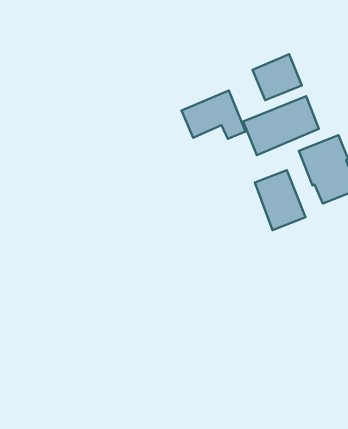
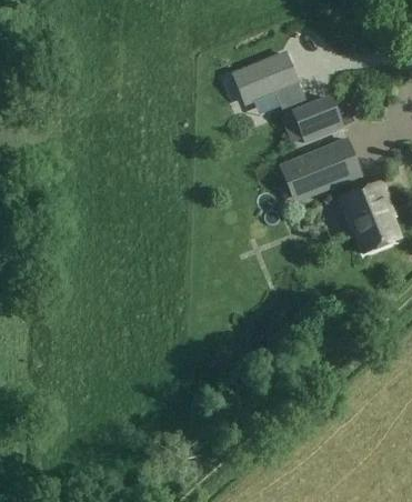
building: [182,90,246,139] -> [234,52,302,103]
building: [255,170,306,230] -> none

